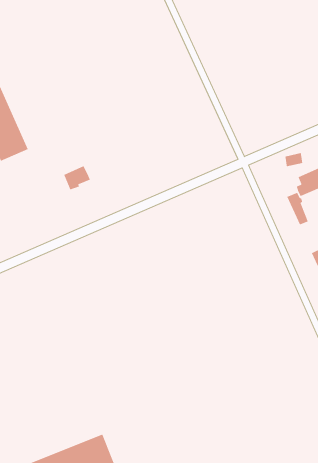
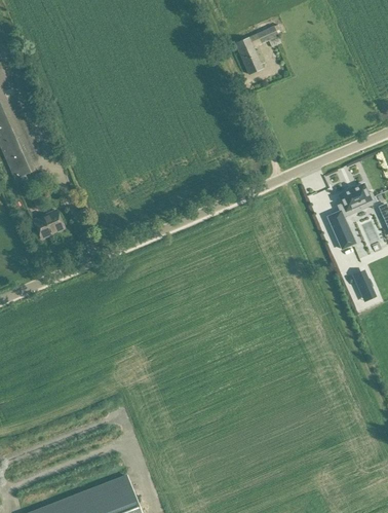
building: none -> [235,25,280,74]
building: [63,165,92,191] -> [33,211,64,239]

